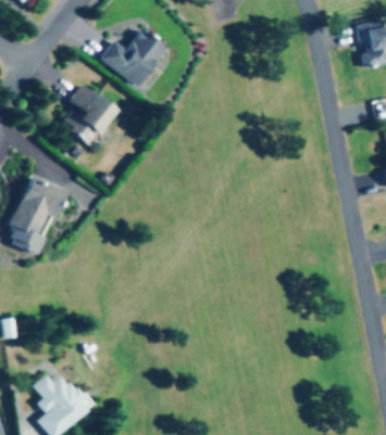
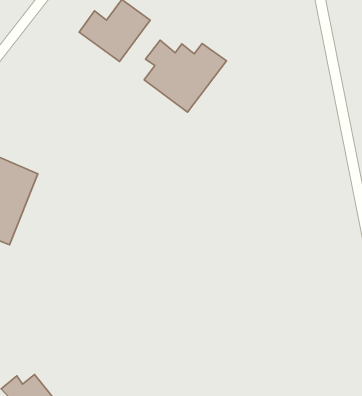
building: none -> [144,40,226,112]
building: [62,86,115,145] -> none

